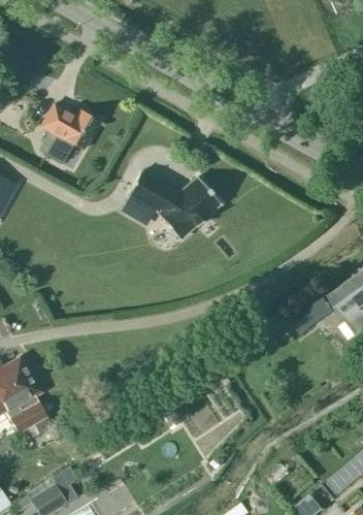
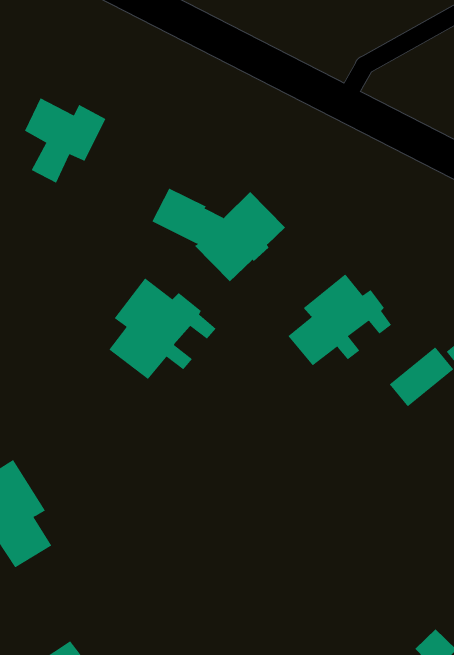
building: none -> [108,278,216,380]
building: none -> [288,273,392,366]

